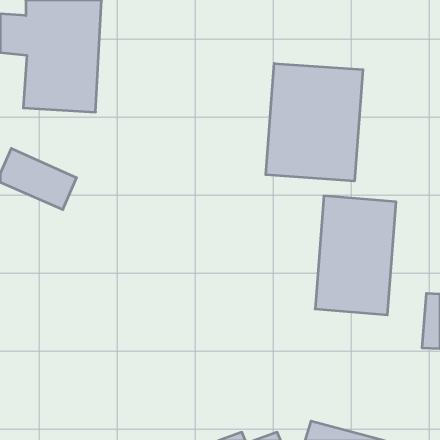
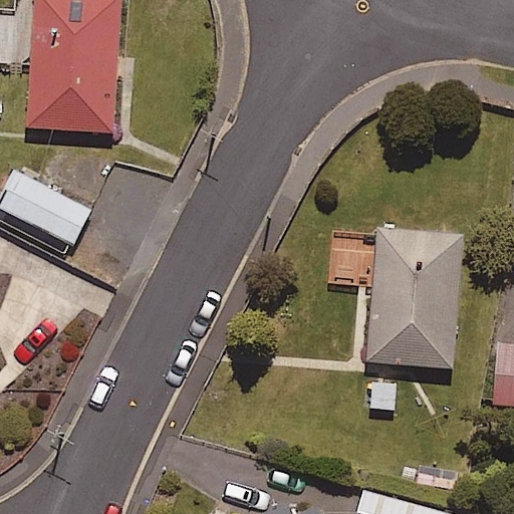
building: [266,63,363,181] -> none

